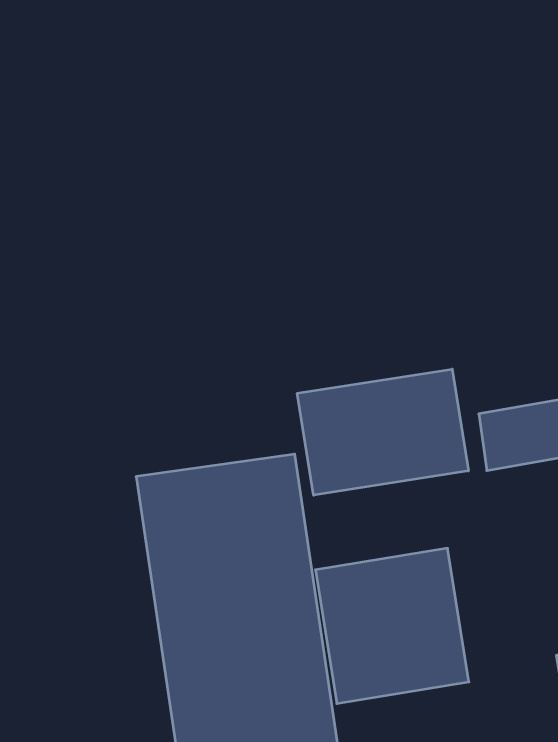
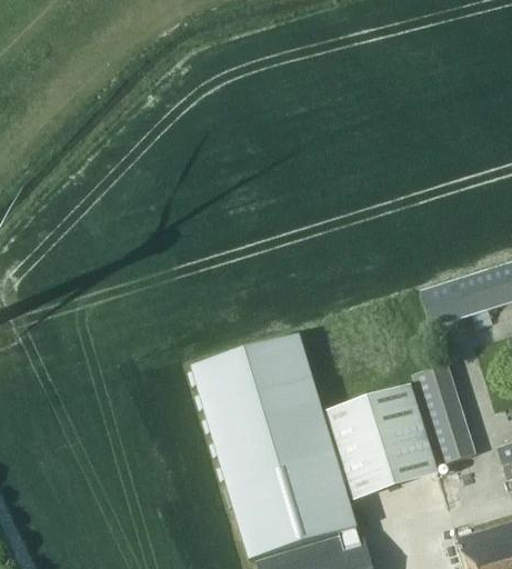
building: [297,369,468,495] -> none
building: none -> [411,363,475,466]

